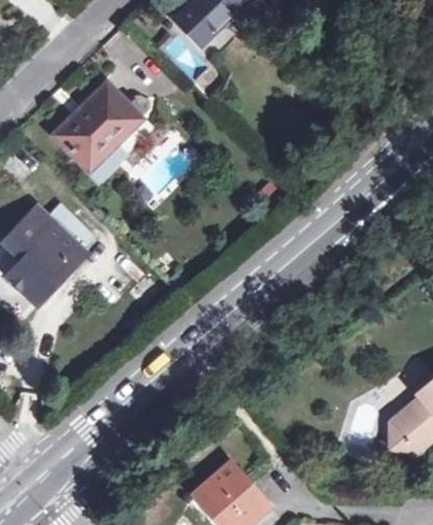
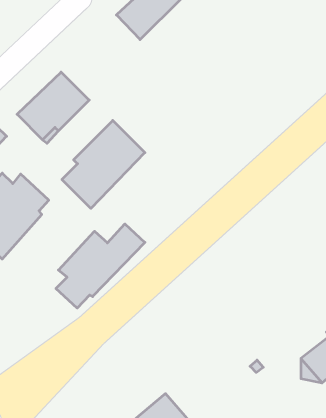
building: none -> [62,120,145,208]
building: none -> [56,224,145,308]

